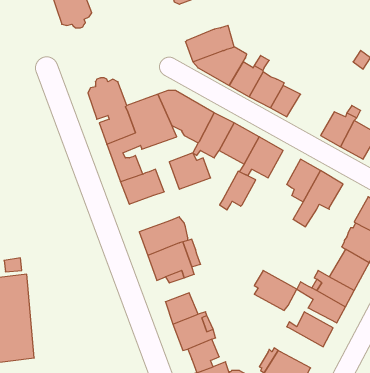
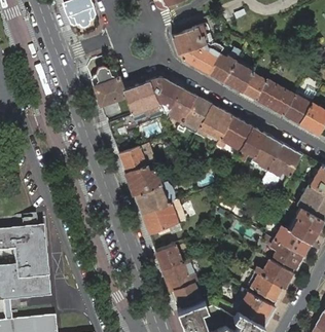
building: none -> [255,79,294,114]
building: [169,153,211,189] -> [125,163,159,193]
building: [220,171,256,210] -> [237,126,266,158]
building: [254,270,297,310] -> [250,272,285,305]

